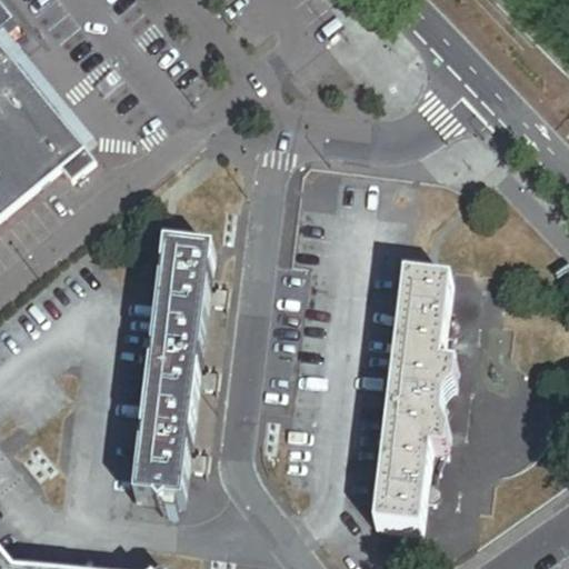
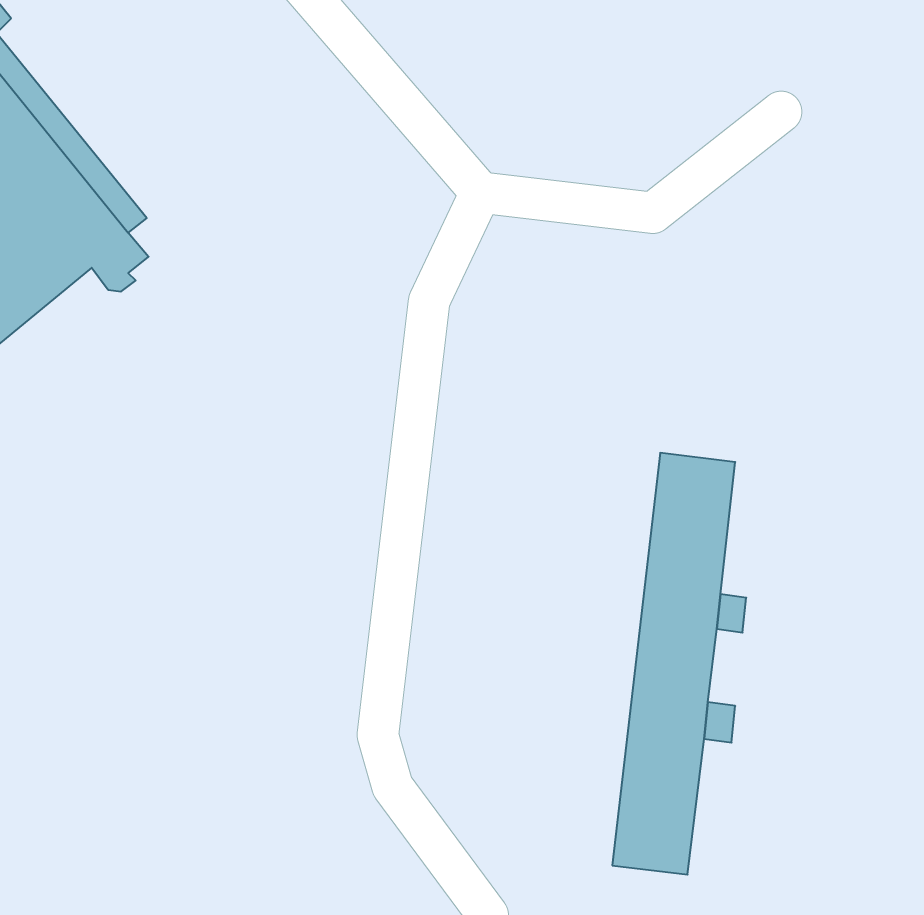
building: [132,246,208,501] -> none

